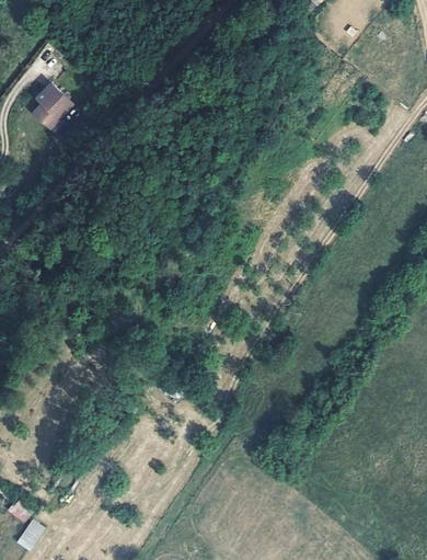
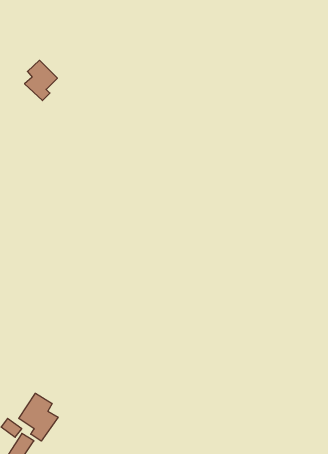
building: none -> [19,393,58,441]

